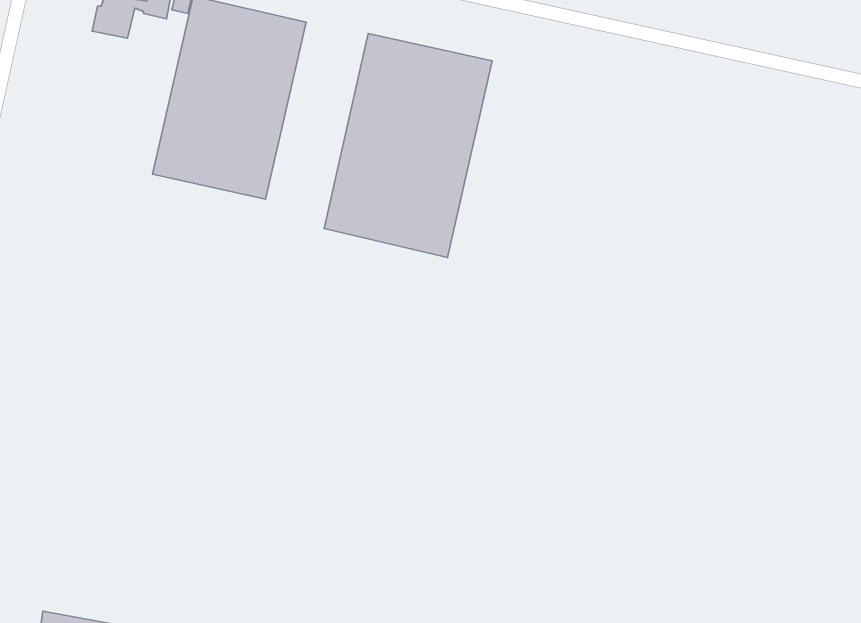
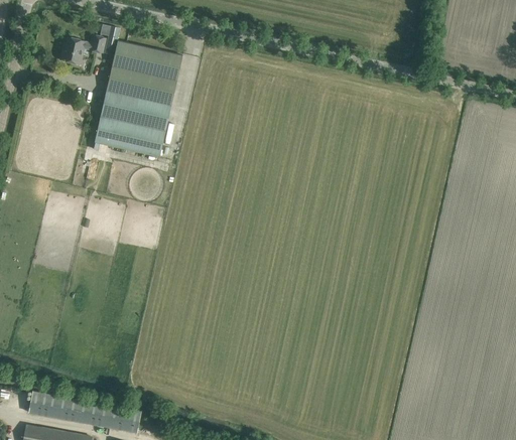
building: [324,33,492,258] -> none

